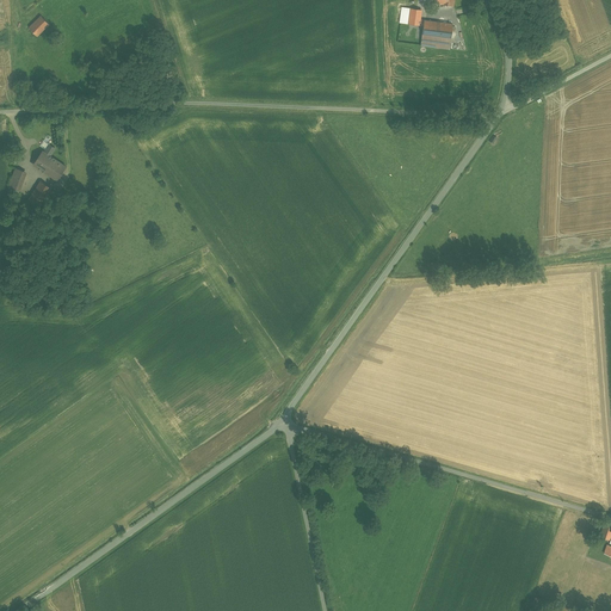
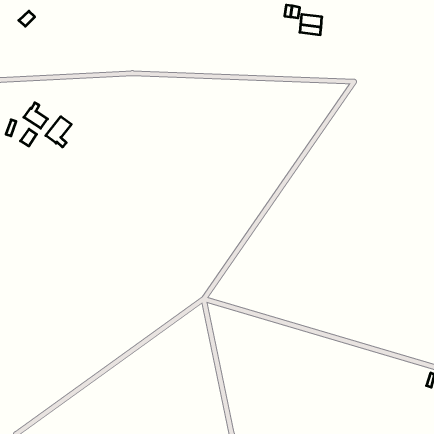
building: none -> [46,117,71,147]

